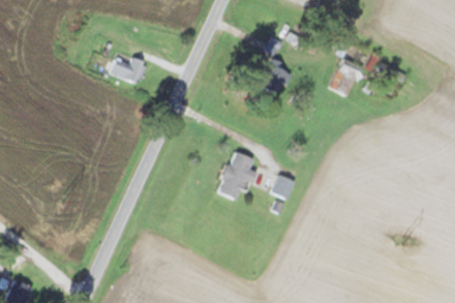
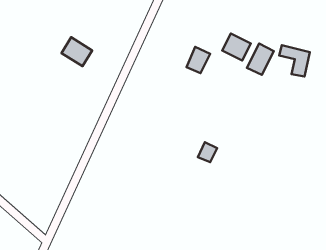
building: none -> [222,33,251,60]
building: [218,151,255,200] -> none

